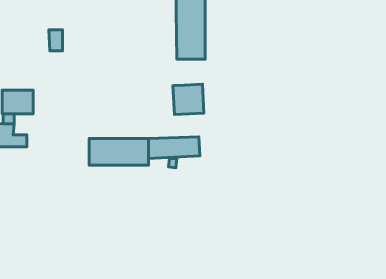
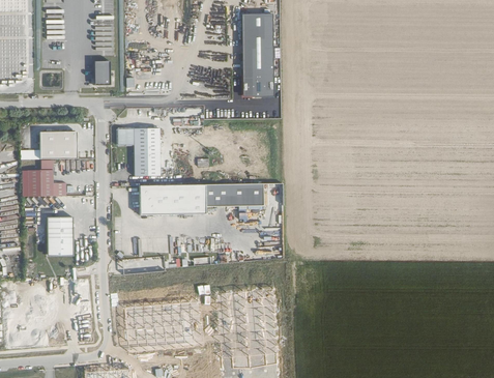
building: [173,84,204,115] -> none
building: none -> [119,128,161,176]
building: none -> [45,215,71,257]

